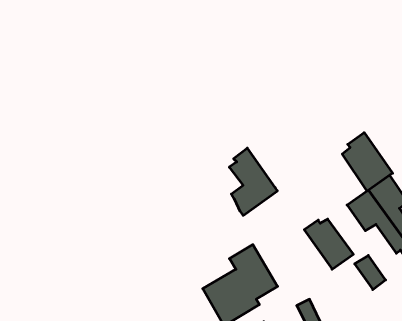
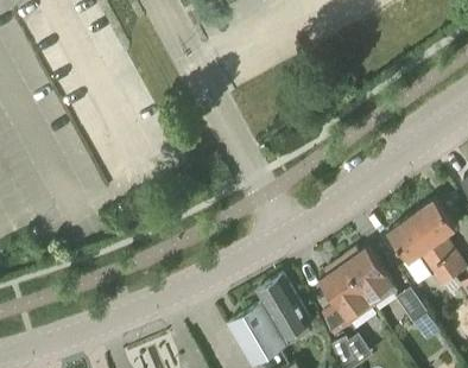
building: [342,133,393,191] -> none
building: [229,148,277,215] -> [320,260,373,335]

